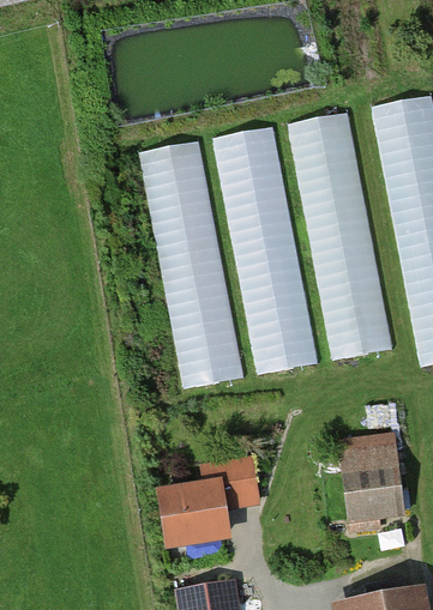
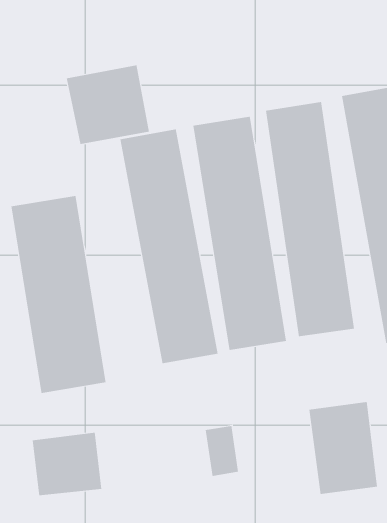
building: none -> [66,65,149,145]
building: none -> [11,195,106,394]
building: [161,479,235,546] -> [32,432,102,496]

